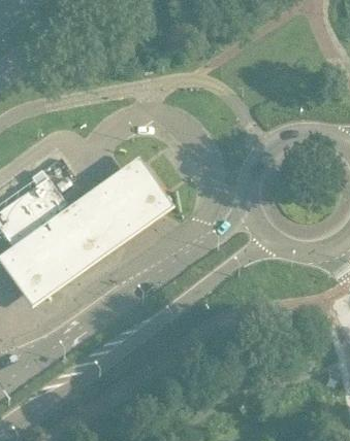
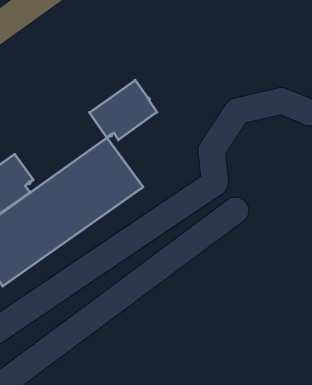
building: none -> [89,80,157,140]

